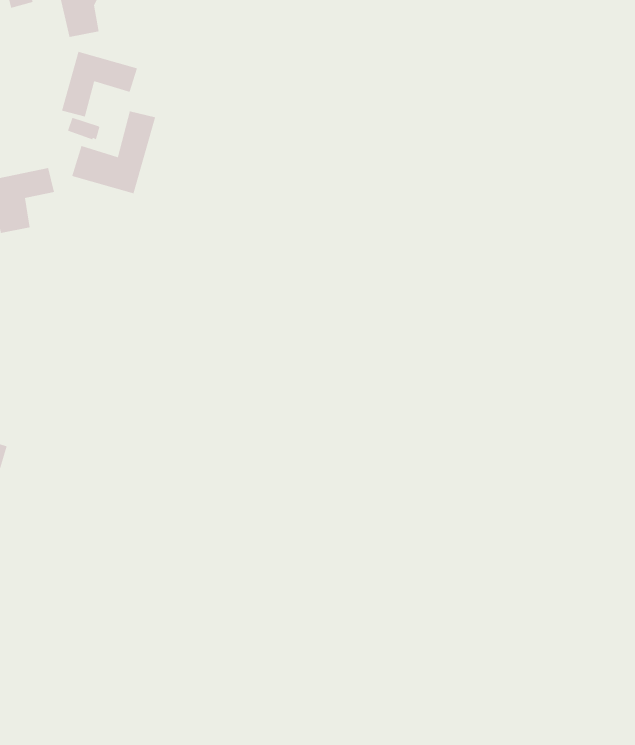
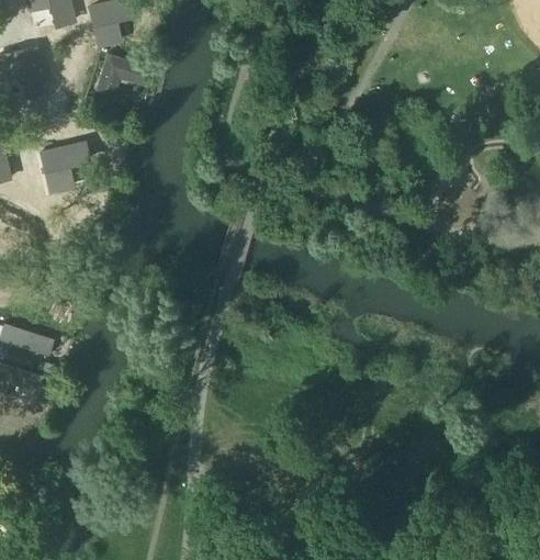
building: [71,111,156,194] -> none

